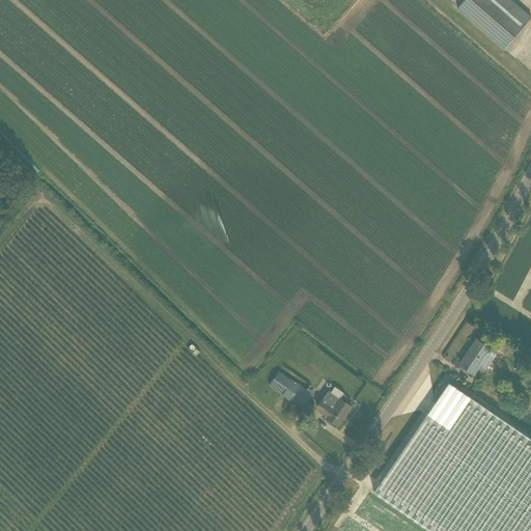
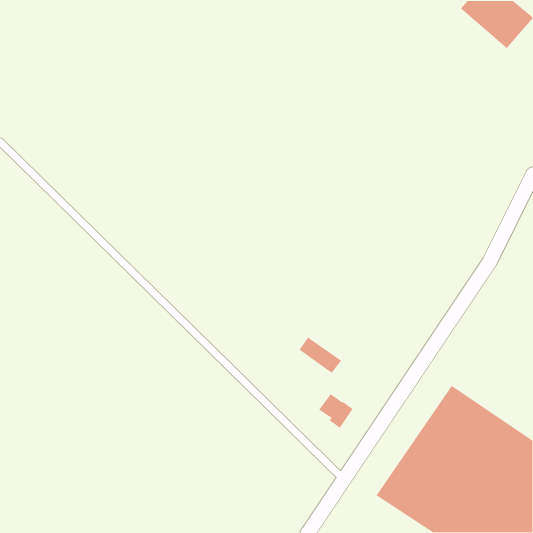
building: [459,339,497,374] -> none
building: [270,371,313,409] -> [298,336,342,374]

